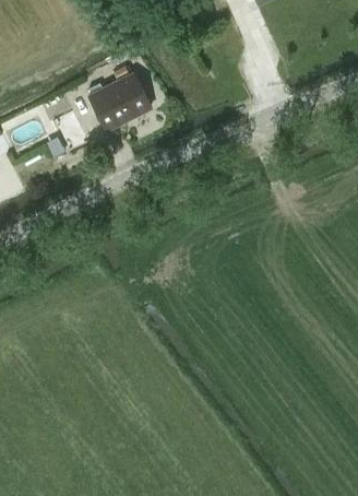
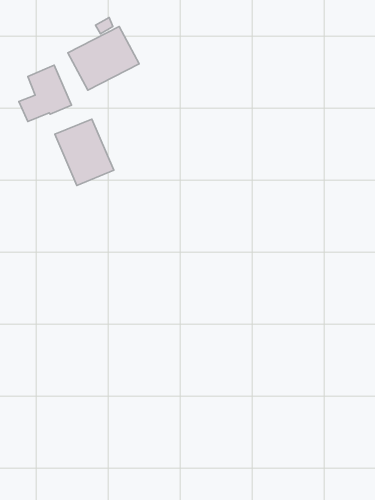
building: none -> [55,119,114,185]

